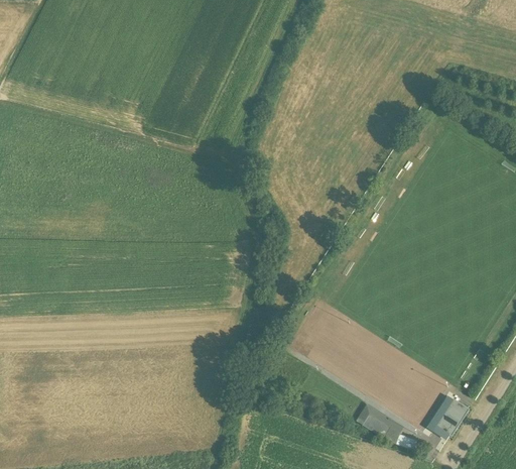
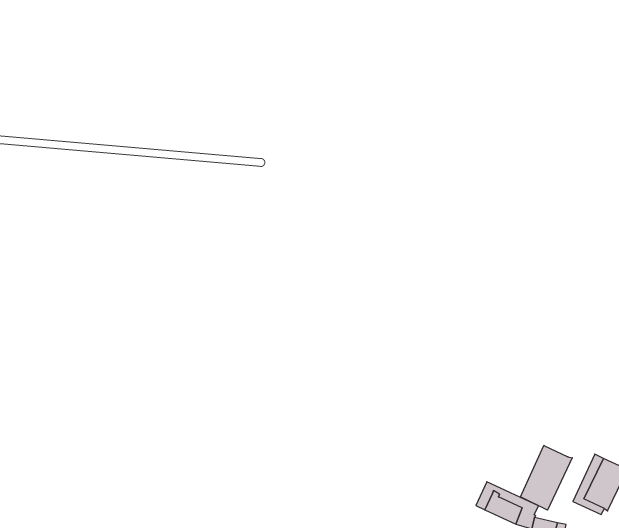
building: none -> [520,445,572,510]

